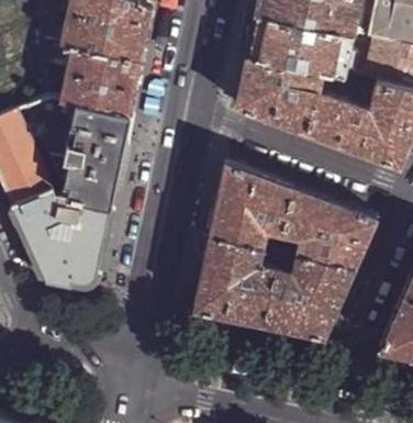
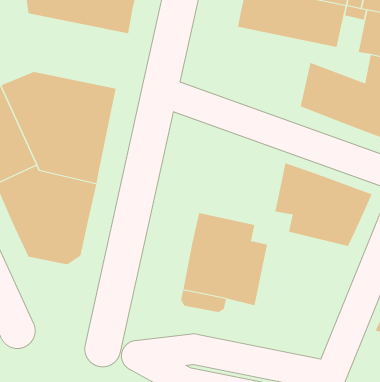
building: [45,45,143,118] -> none
building: [236,58,322,135] -> none
building: [210,164,293,249] -> none
building: [265,256,355,339] -> none

